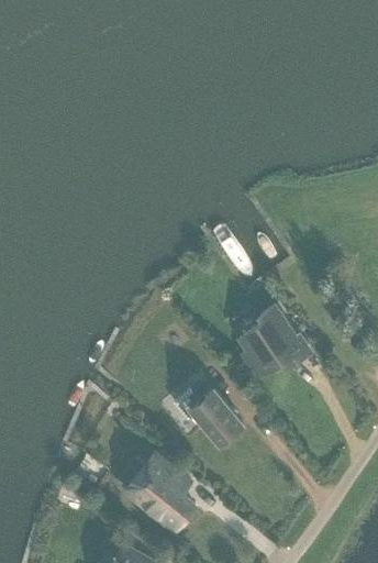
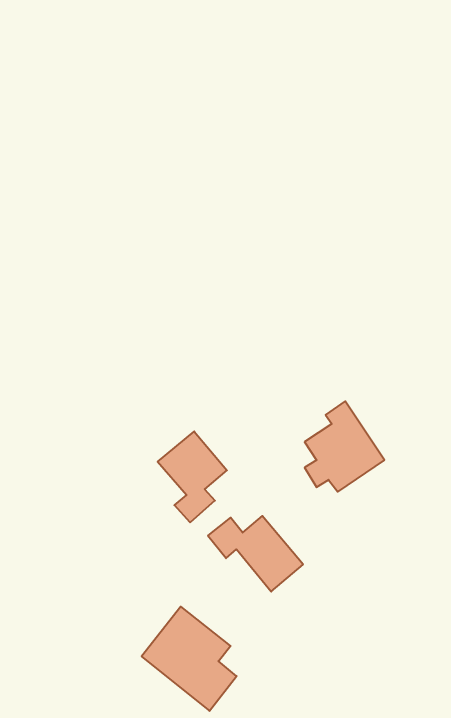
building: none -> [158,431,227,522]

